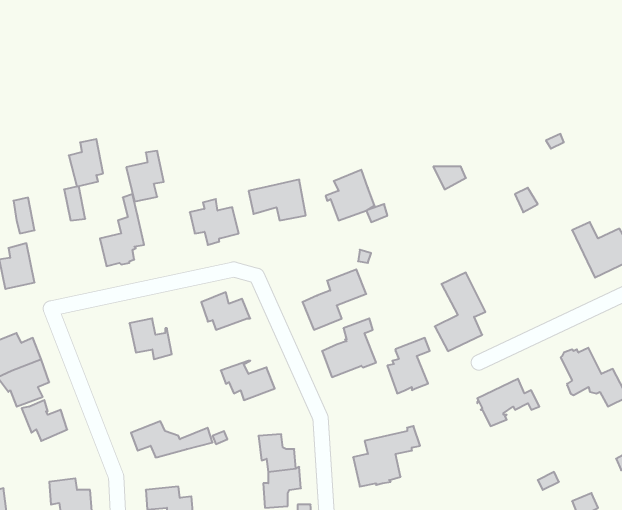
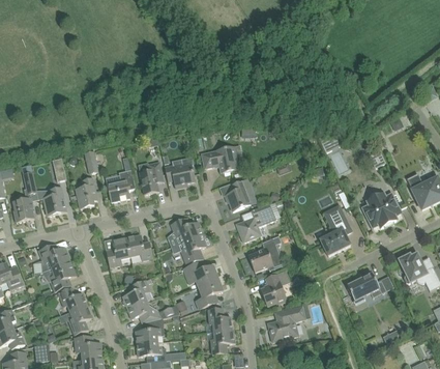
building: [69,139,103,187] -> [75,178,96,208]
building: [126,151,164,202] -> [139,162,163,194]
building: [326,170,375,220] -> [224,178,255,210]
building: none -> [362,191,400,227]
building: none -> [180,234,205,264]
building: none -> [106,237,129,266]
building: [387,338,430,393] -> [260,271,287,306]
building: none -> [122,279,149,307]
building: none -> [196,279,222,308]
building: none -> [67,305,91,334]
building: none -> [135,317,164,343]

